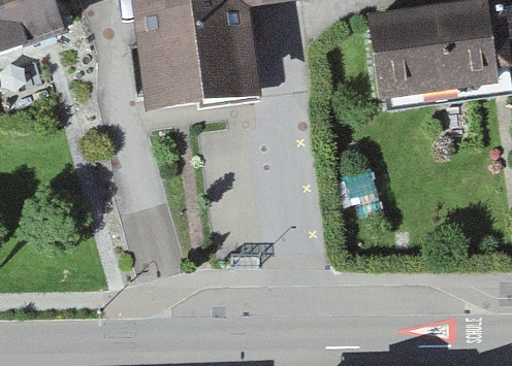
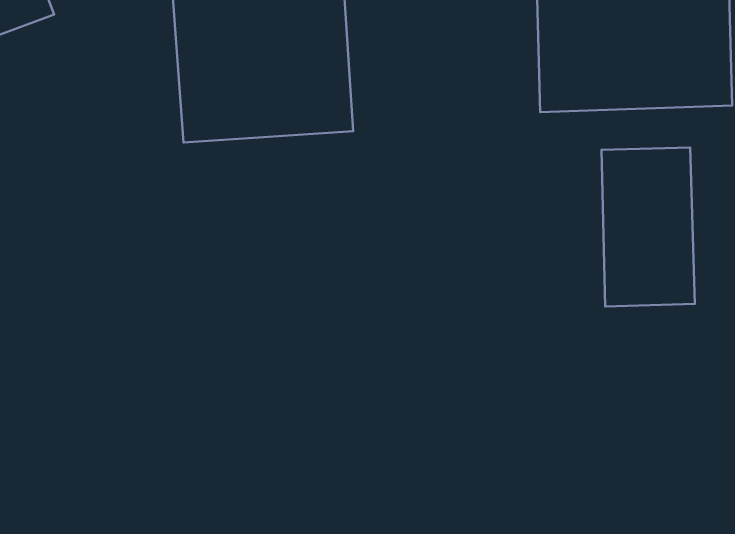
building: none -> [602,147,695,306]

